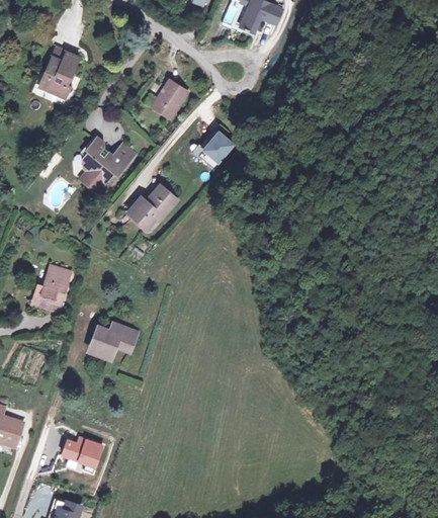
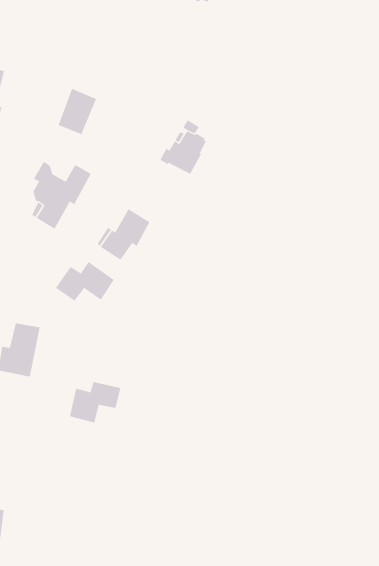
building: [152,79,187,118] -> [58,88,97,135]
building: none -> [55,261,115,301]
building: [59,434,100,468] -> none

